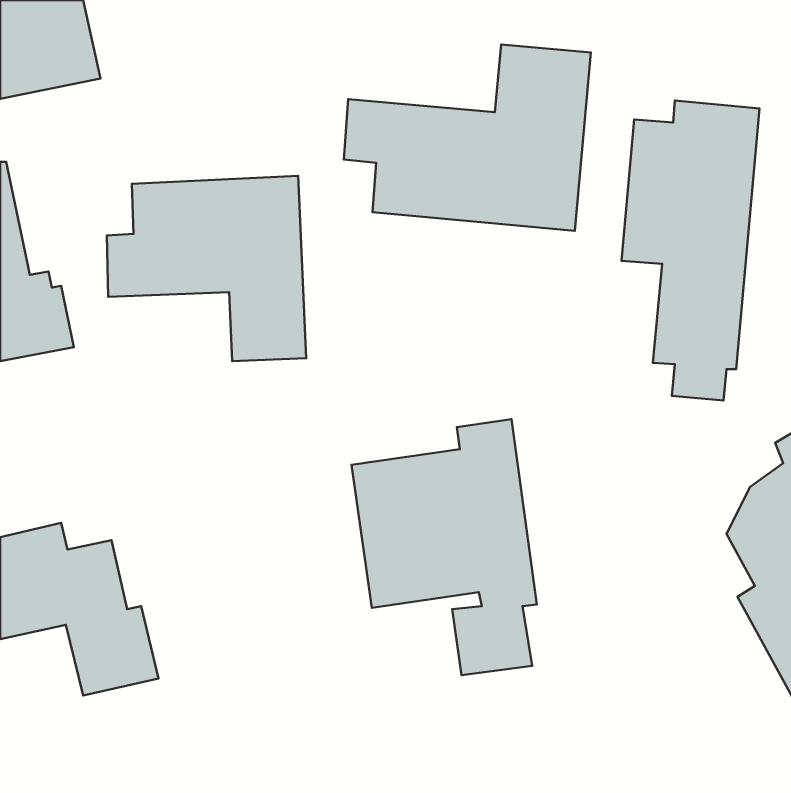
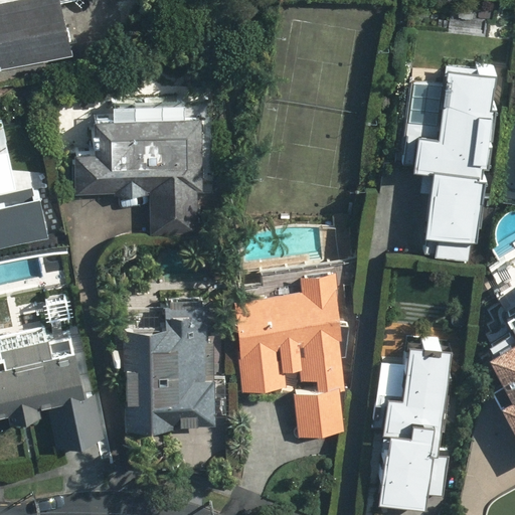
building: [344,44,591,231] -> none
building: none -> [119,306,213,434]
building: none -> [373,342,448,504]

